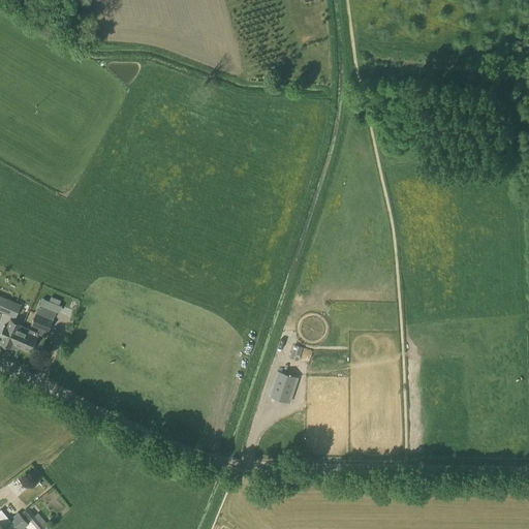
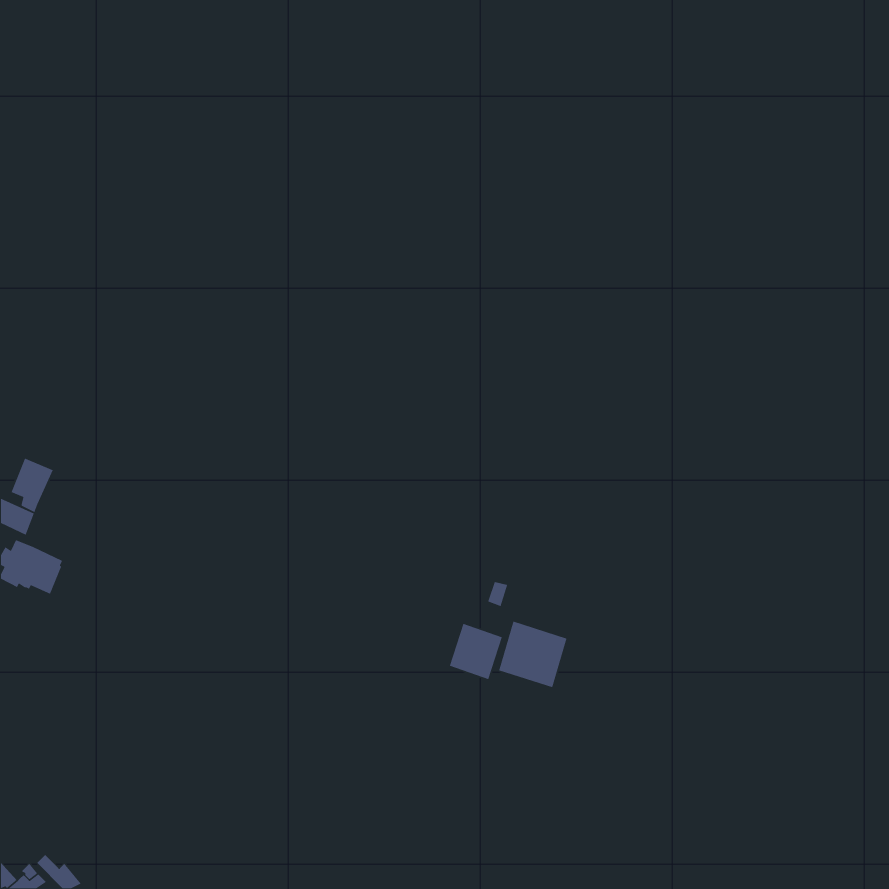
building: [31,305,57,338] -> [10,458,54,513]
building: none -> [498,621,568,688]

